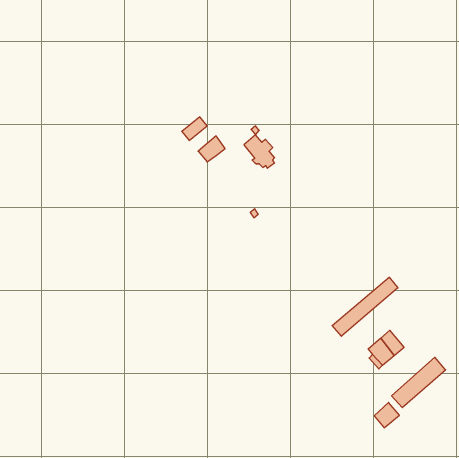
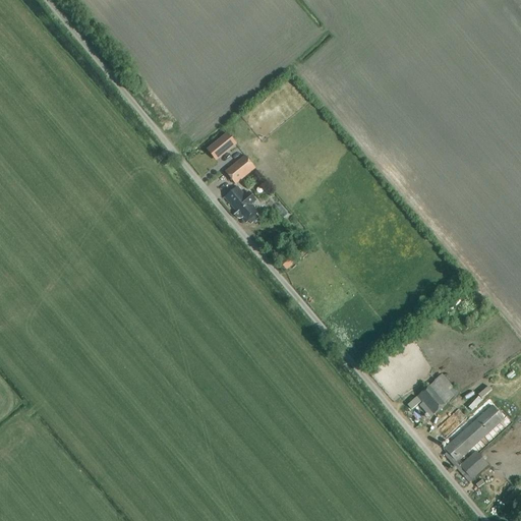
building: [244,135,274,168] -> [223,185,257,223]
building: [332,277,398,336] -> none
building: [374,402,399,428] -> [459,450,487,478]

